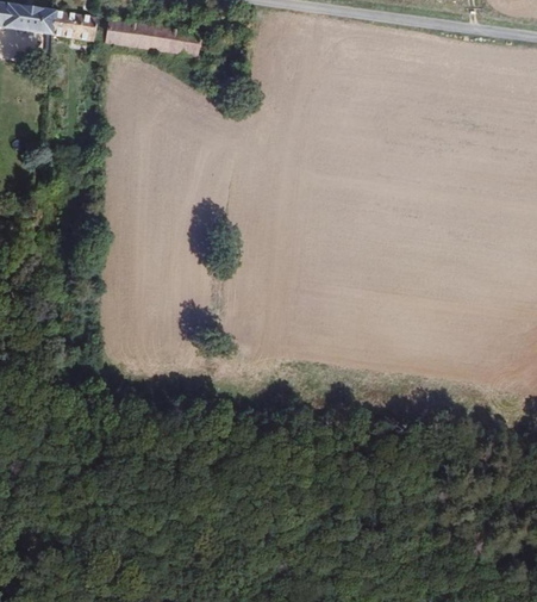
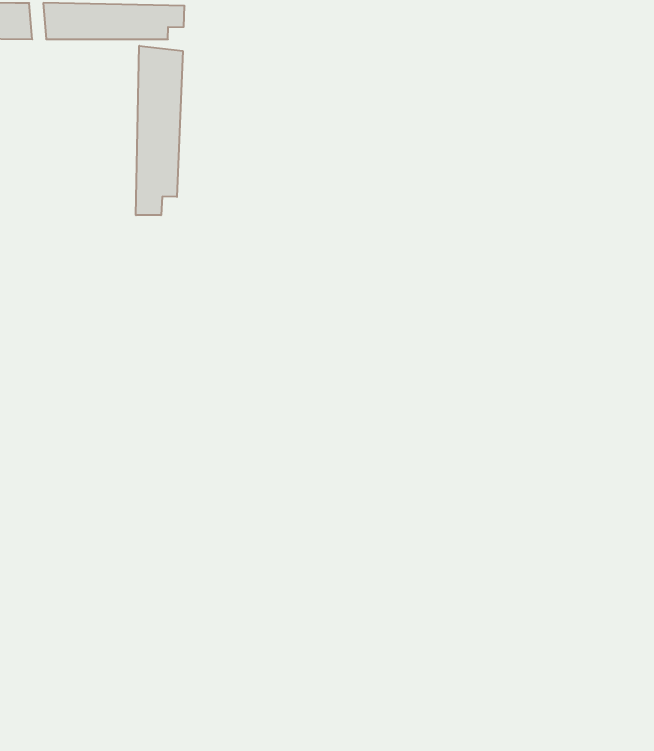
building: none -> [136,46,183,215]

